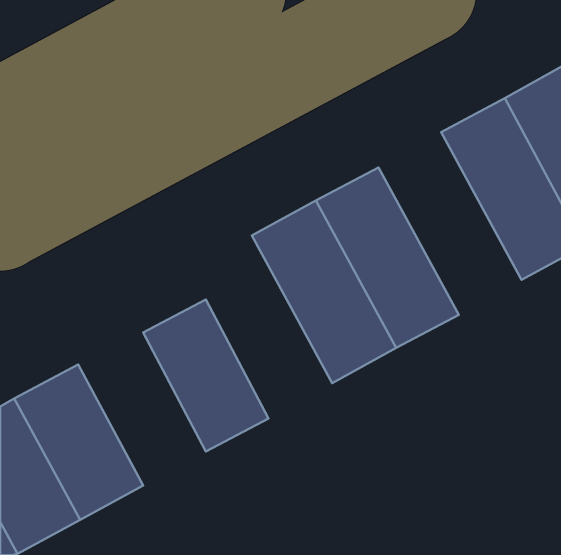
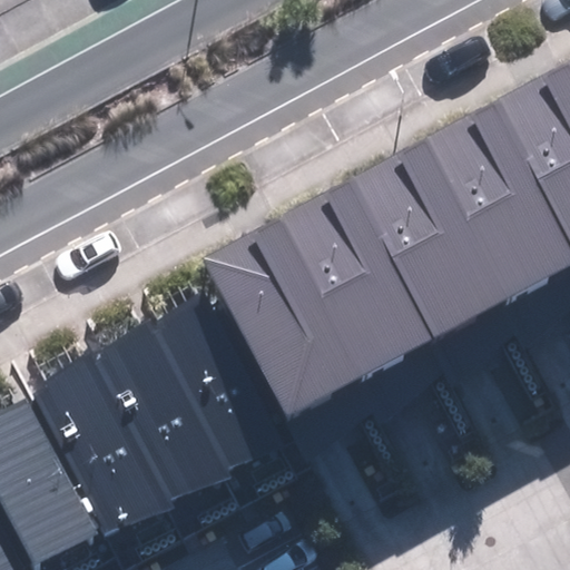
building: none -> [384,134,529,318]
building: none -> [193,238,337,423]
building: none -> [80,336,209,491]

